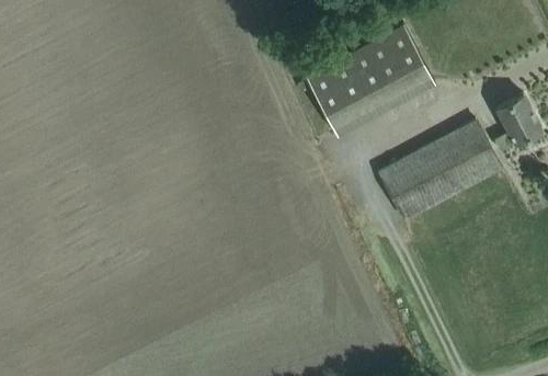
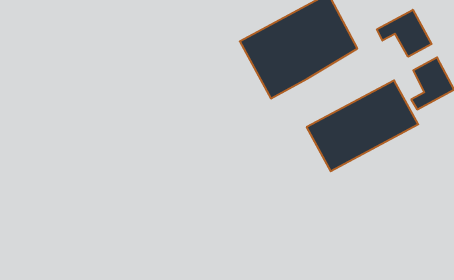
building: none -> [377,10,432,57]

